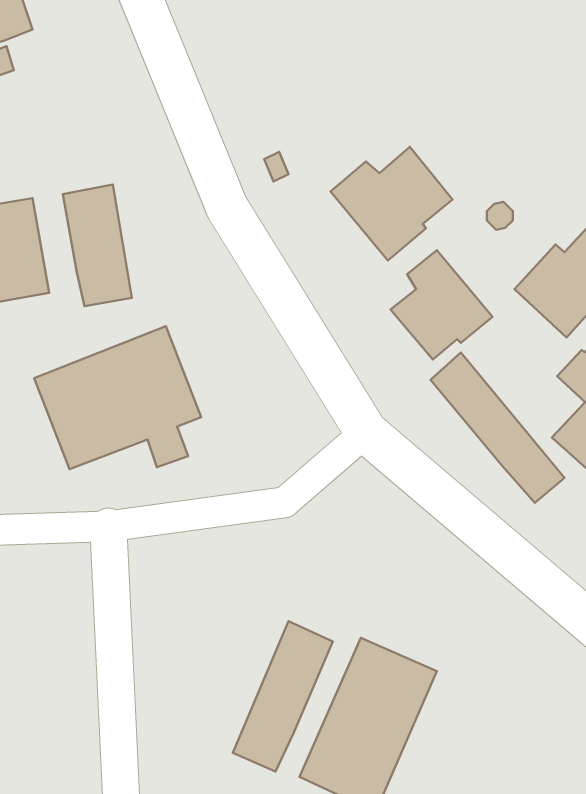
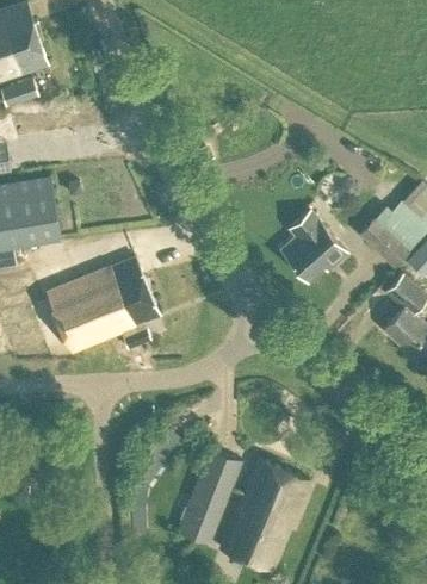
building: [330,147,452,260] -> none
building: [63,184,132,306] -> none
building: [431,353,565,503] -> none

